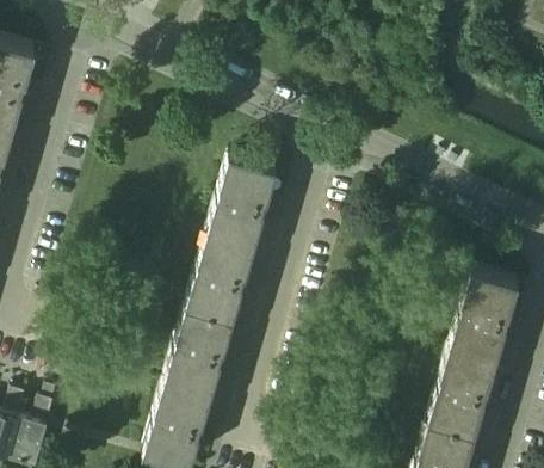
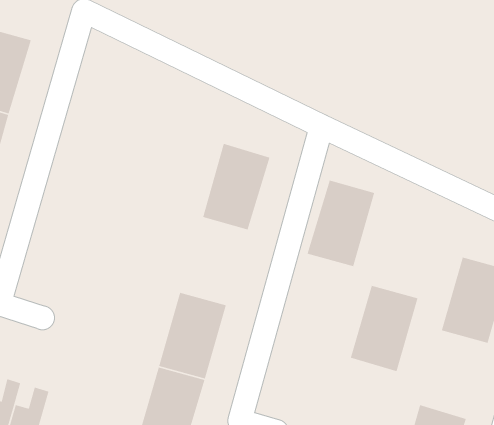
building: [187,227,256,315] -> [307,180,375,267]
building: [429,341,499,430] -> [350,285,418,372]

